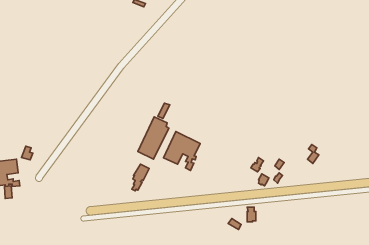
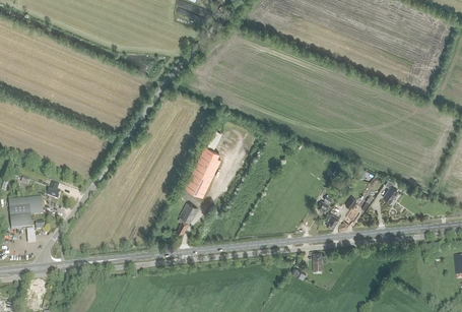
building: [163,132,200,171] -> none

